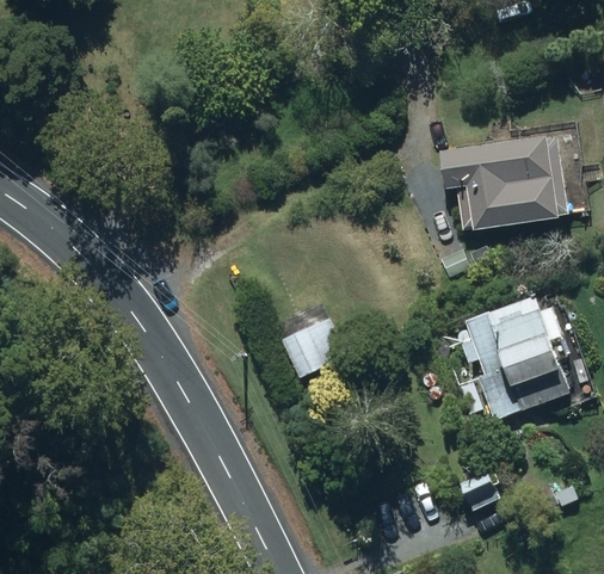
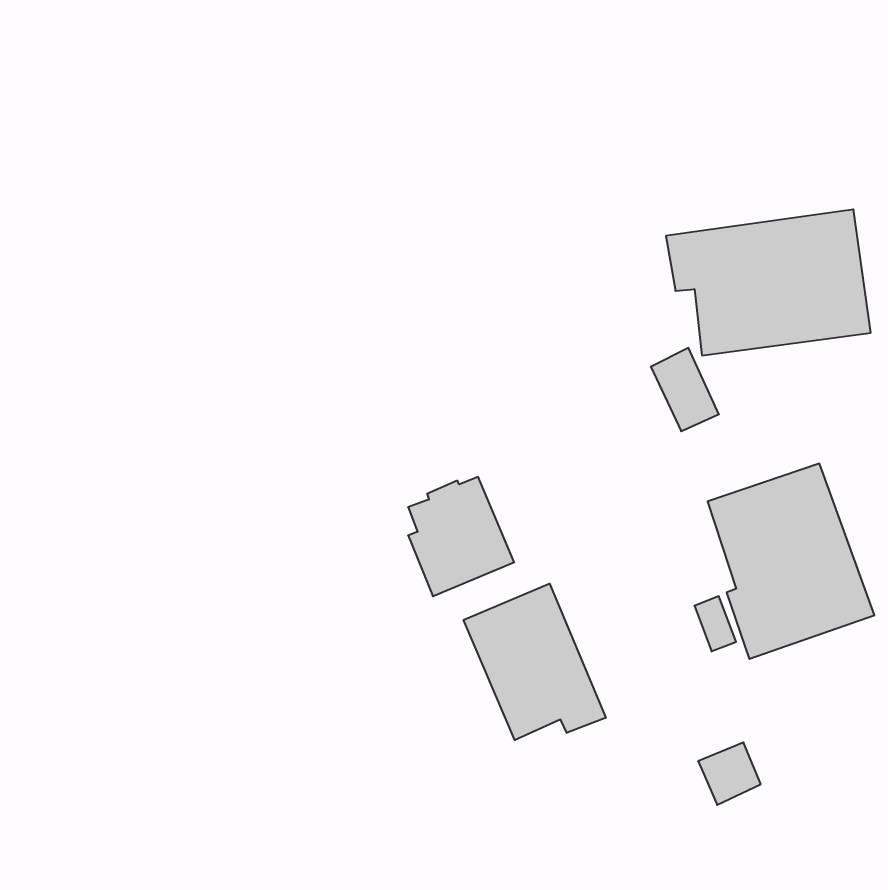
building: none -> [464,584,606,740]

